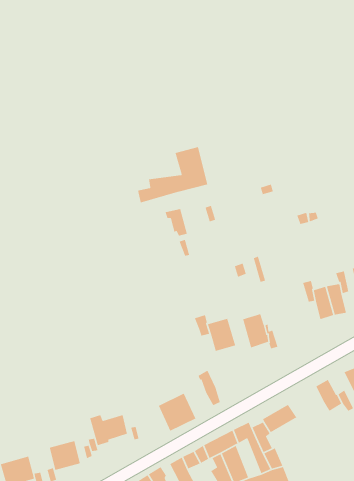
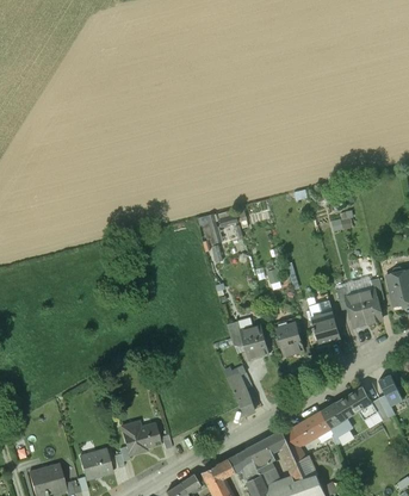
building: [137,146,208,203] -> none
building: none -> [312,311,341,343]
building: none -> [322,393,358,436]
building: [158,393,197,432] -> none

